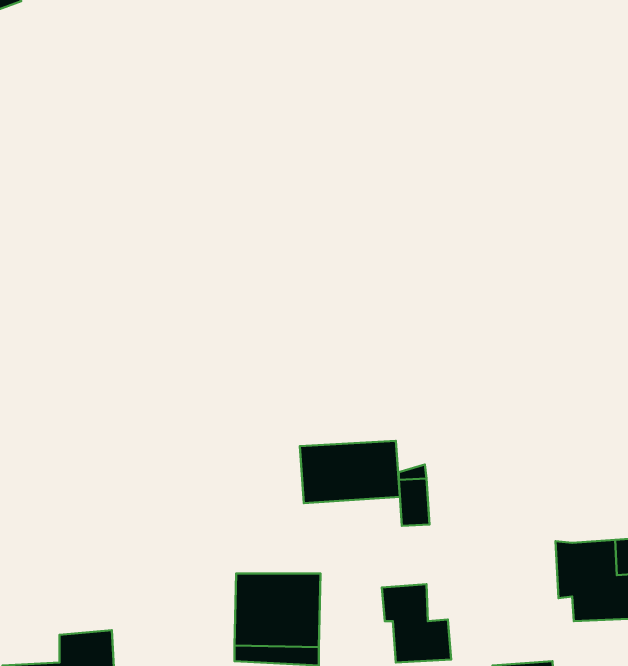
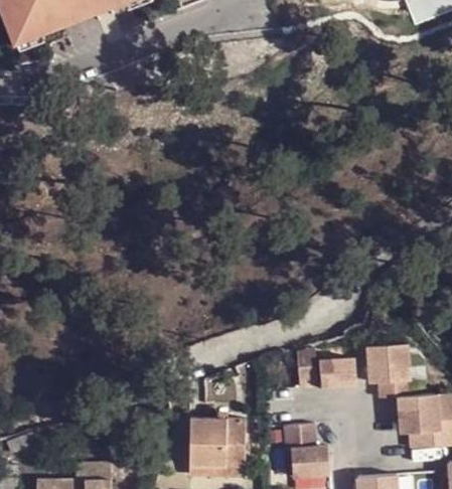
building: [300,441,400,503] -> none
building: none -> [366,344,409,398]
building: none -> [318,358,354,385]

